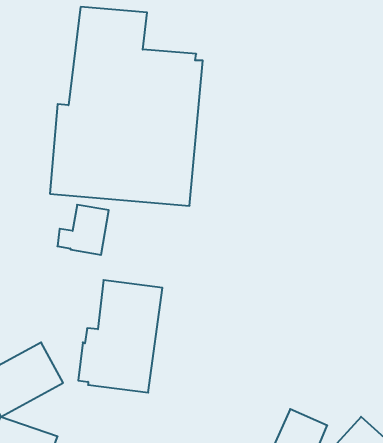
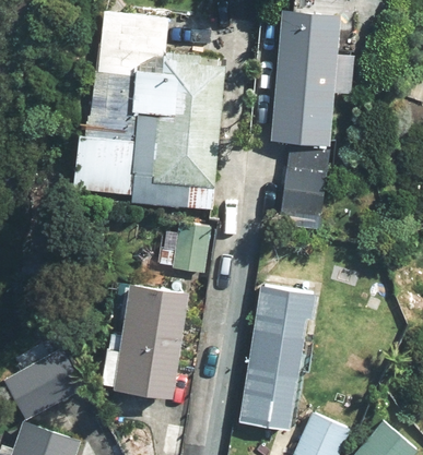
building: none -> [271,10,355,229]
building: [57,205,109,255] -> [161,223,212,273]
building: none -> [238,285,317,430]

